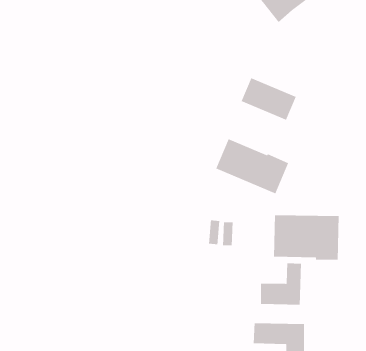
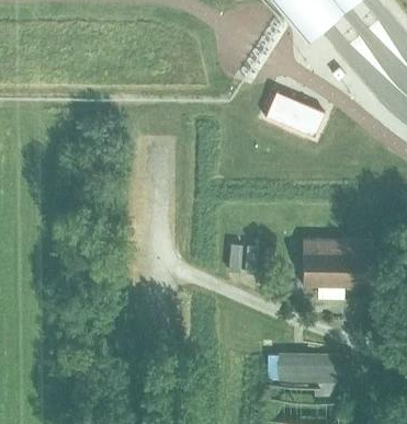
building: [215,138,289,195] -> none
building: [260,262,302,305] -> none

